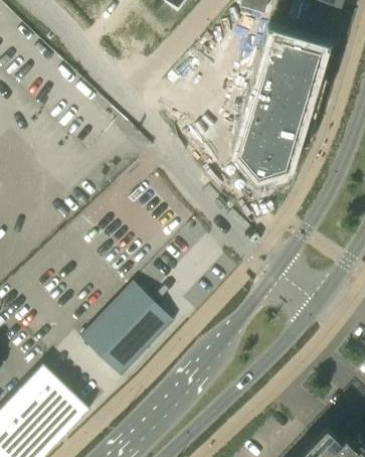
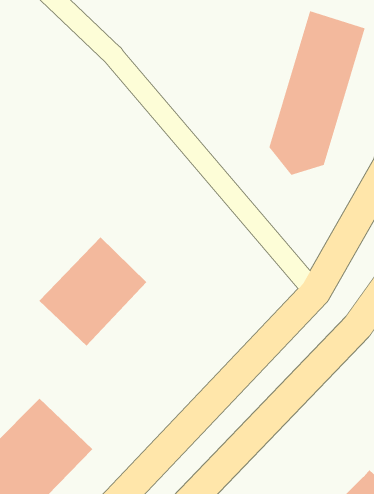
building: [80,283,174,377] -> [39,237,147,347]

